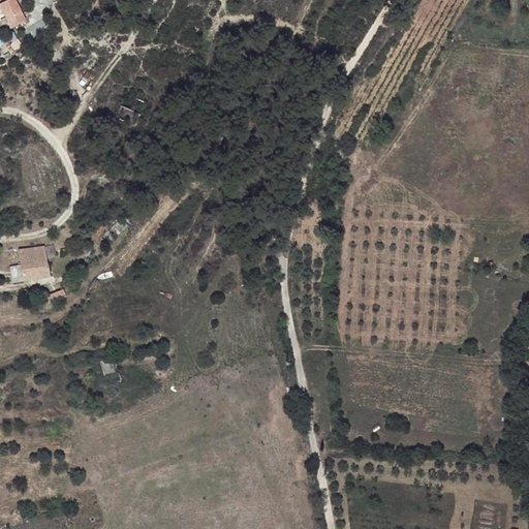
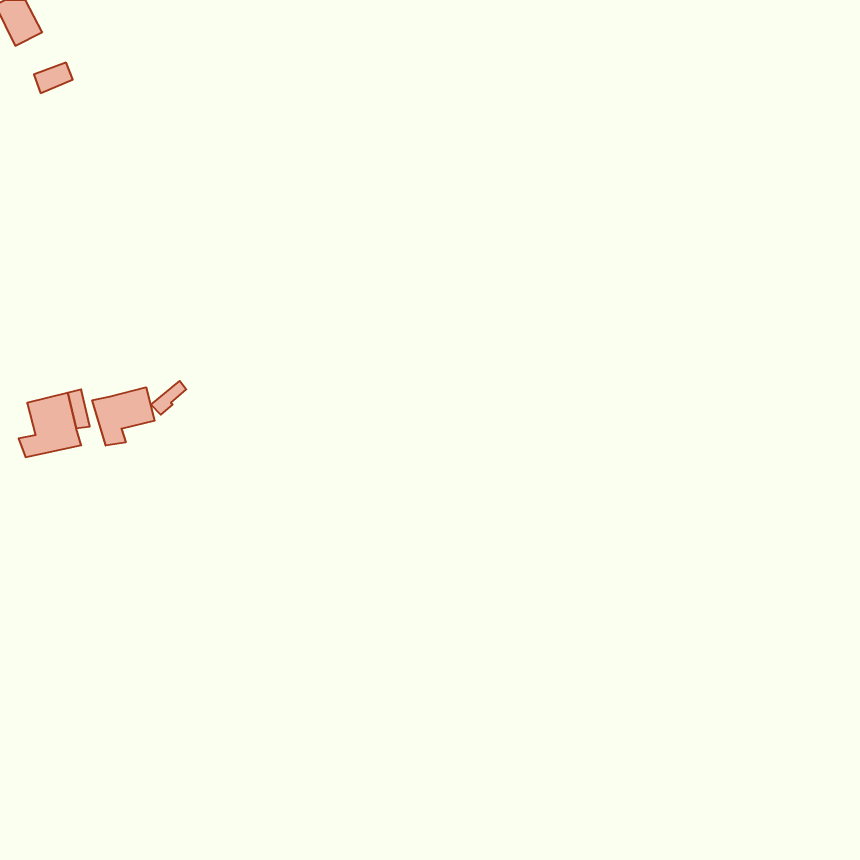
building: none -> [92,387,155,446]

